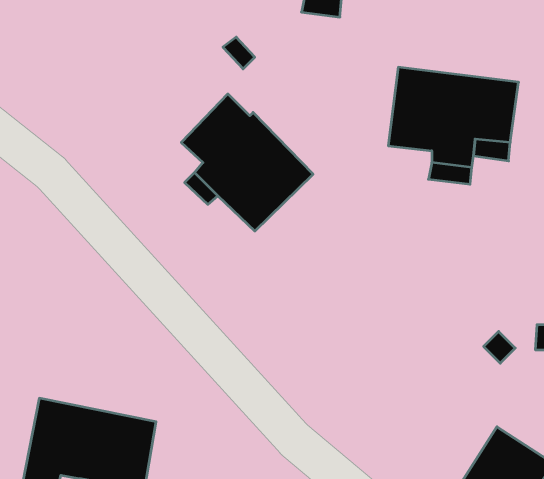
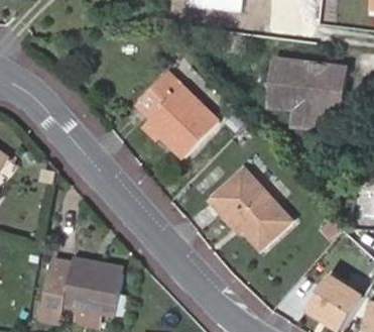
building: none -> [213,171,292,249]

